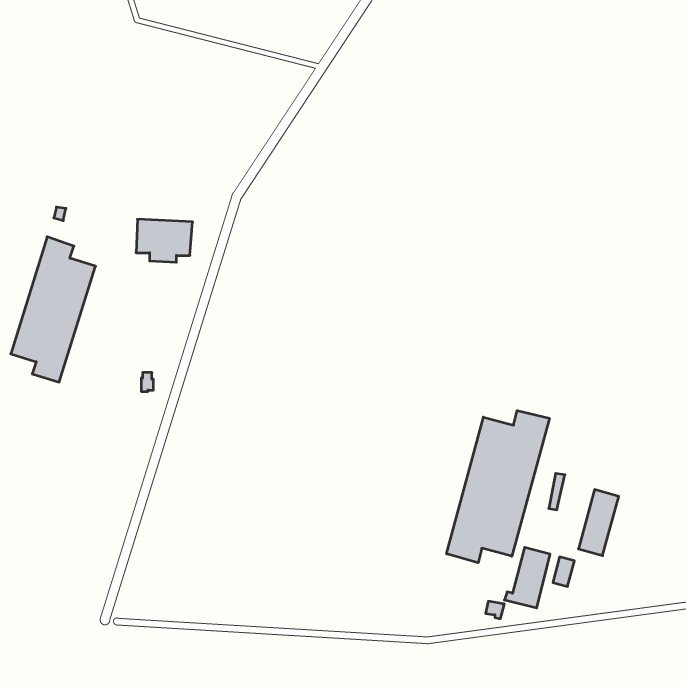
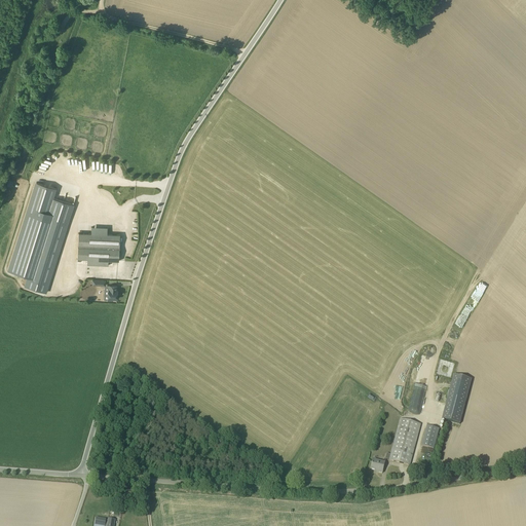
building: [136,219,193,262] -> [78,232,121,265]
building: [447,411,549,563] -> none

